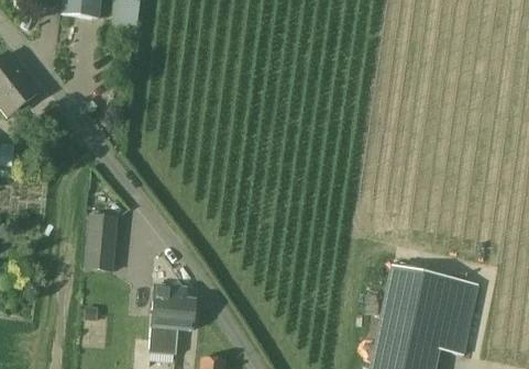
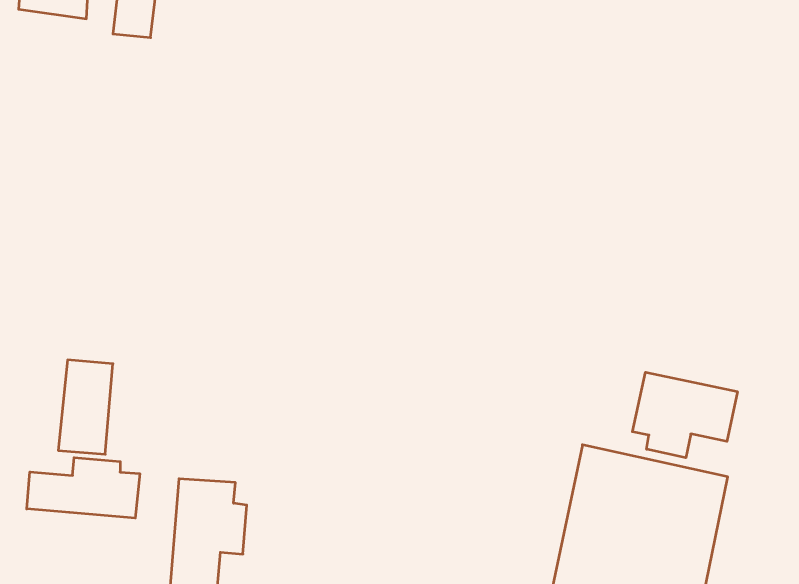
building: none -> [632,372,737,458]
building: none -> [27,458,140,518]

